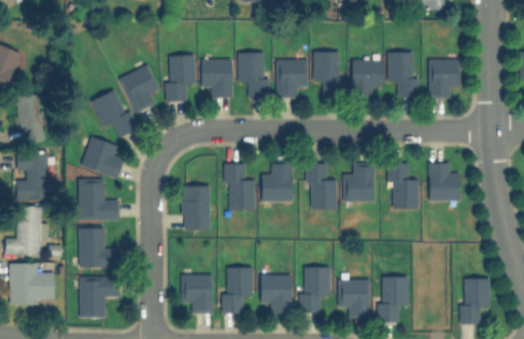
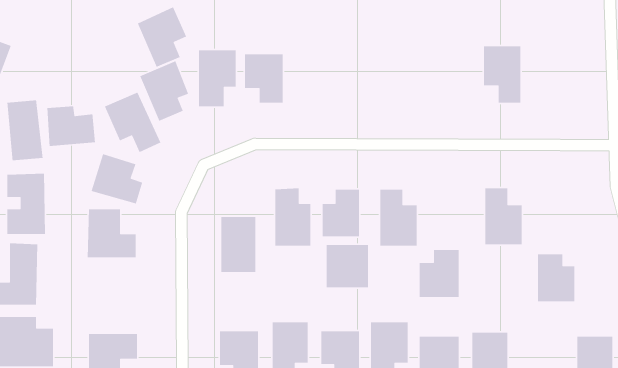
building: none -> [137,6,187,68]
building: [314,52,342,97] -> none
building: [238,53,268,98] -> none
building: [277,60,308,98] -> none
building: [352,60,382,98] -> none
building: [429,60,460,99] -> none
building: none -> [47,105,96,147]
building: [343,164,375,202] -> [419,249,459,298]
building: [429,164,458,202] -> [537,254,575,302]
building: none -> [326,244,369,288]
building: [80,229,120,268] -> none

